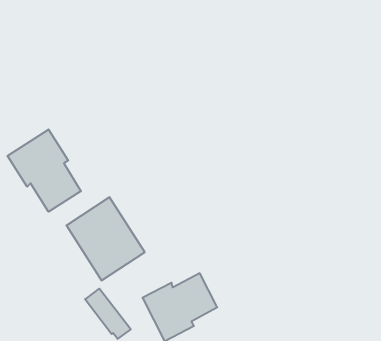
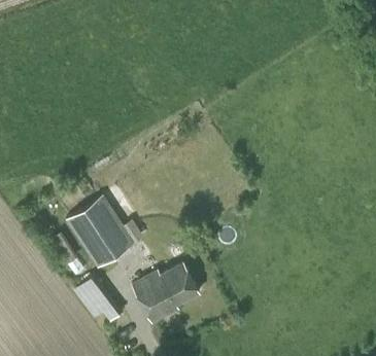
building: [8,129,81,212] -> none

